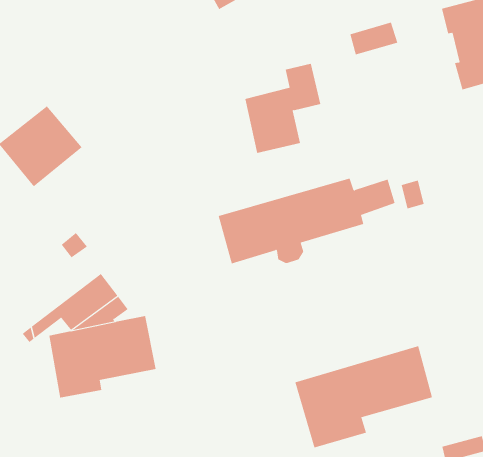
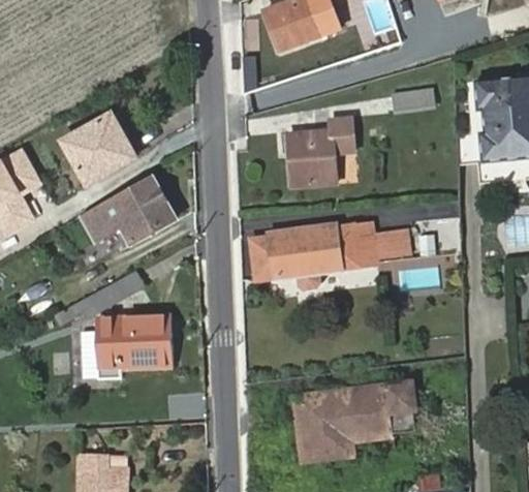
building: none -> [83,176,176,242]

